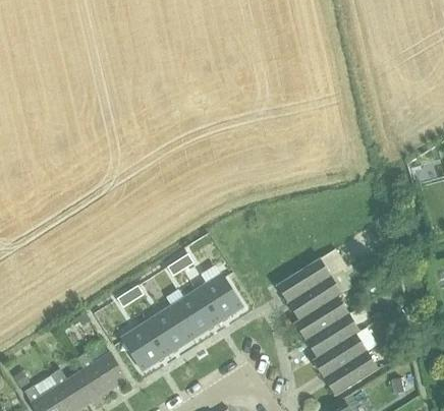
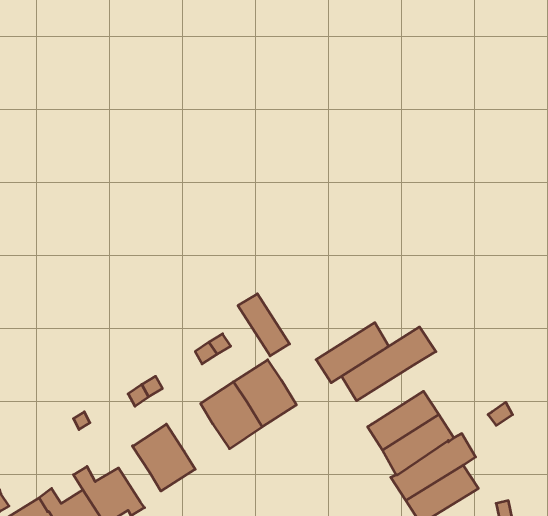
building: none -> [238,294,290,356]
building: [288,276,342,320] -> [316,323,389,383]
building: [147,305,193,354] -> none

